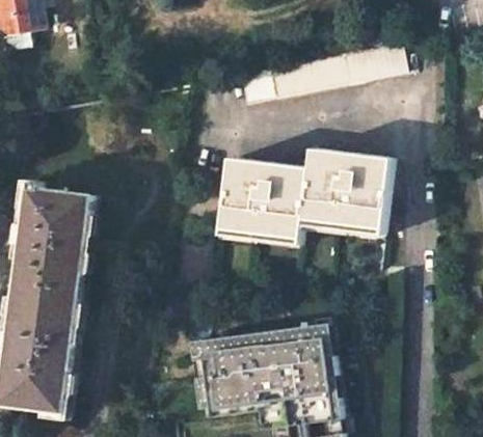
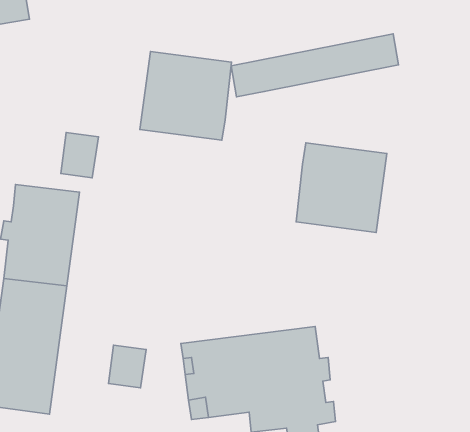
building: none -> [61,132,98,178]
building: [219,158,308,244] -> [140,51,231,140]
building: none -> [109,345,146,388]

